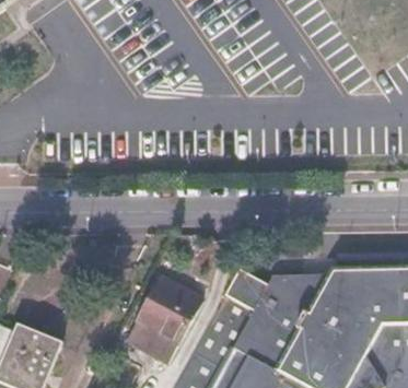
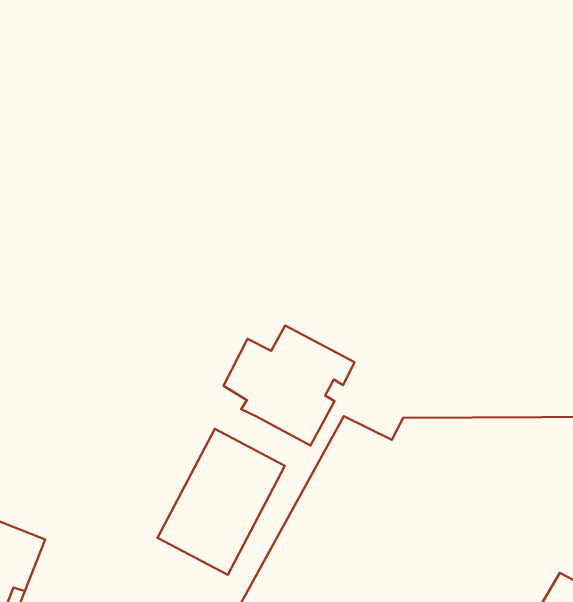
building: none -> [223,326,355,446]

